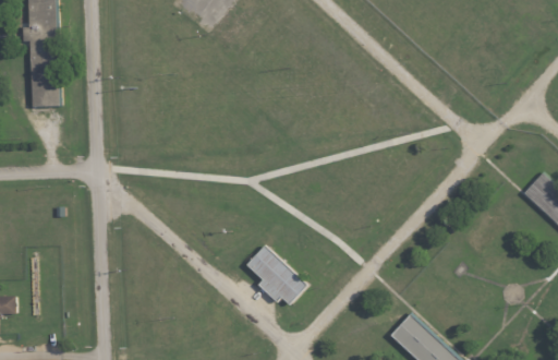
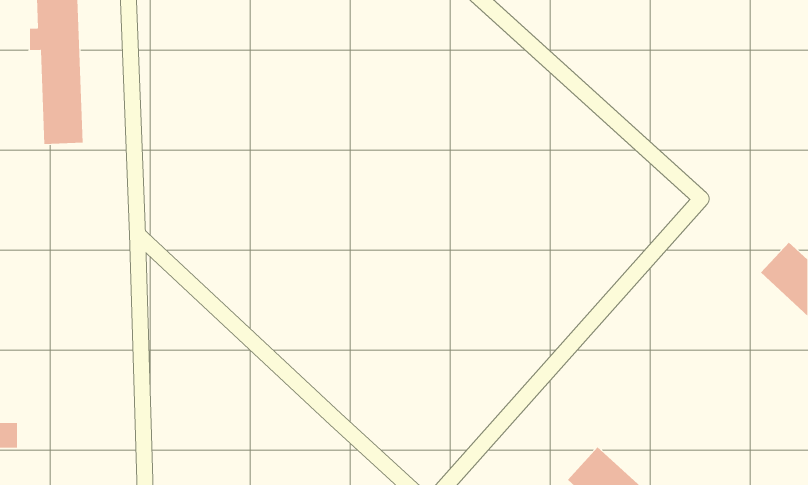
building: [247,247,307,305] -> none

